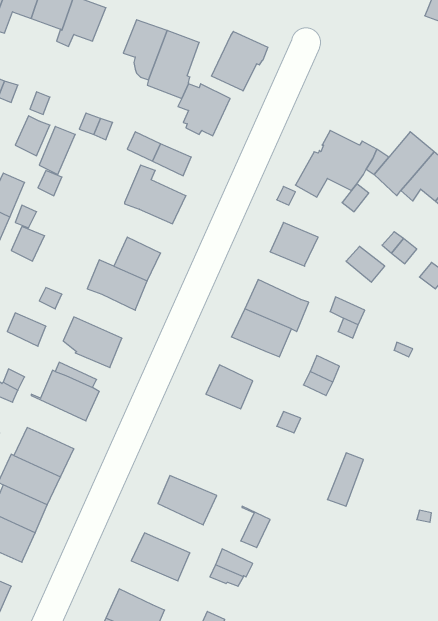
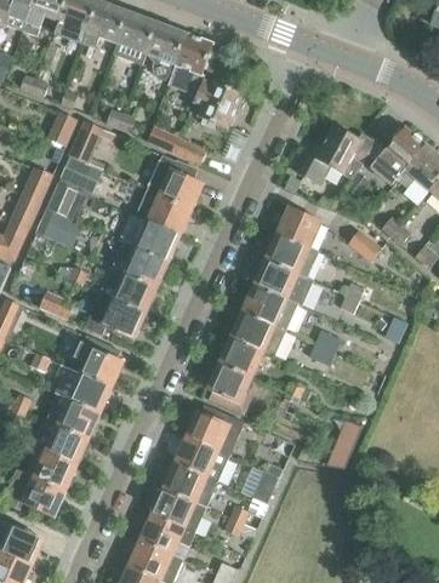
building: none -> [116,12,156,53]
building: [212,31,268,91] -> none
building: none -> [135,190,189,235]
building: none -> [267,234,318,278]
building: none -> [99,268,155,313]
building: none -> [232,311,286,356]
building: none -> [207,364,251,404]
building: none -> [56,365,110,413]
building: none -> [187,405,244,456]
building: none -> [164,463,217,508]
building: none -> [141,515,194,555]

